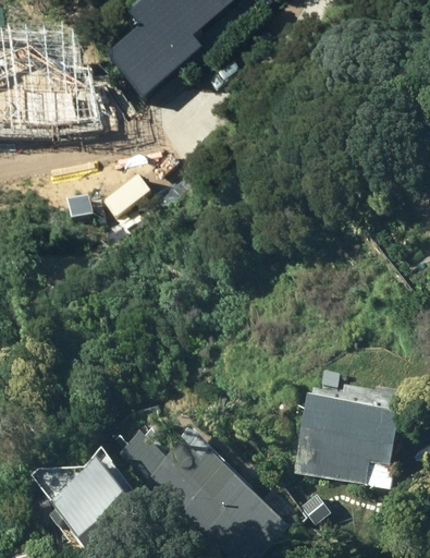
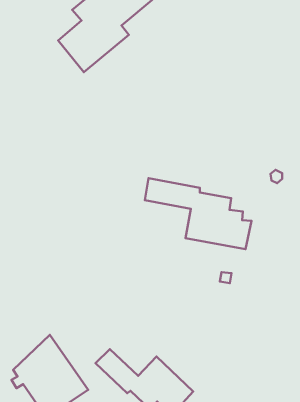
building: none -> [145,178,251,249]
building: [287,380,395,478] -> none

